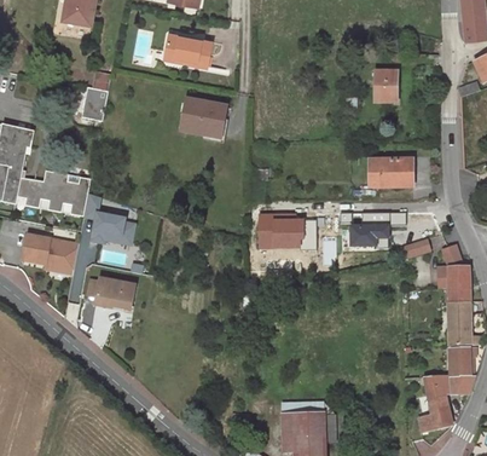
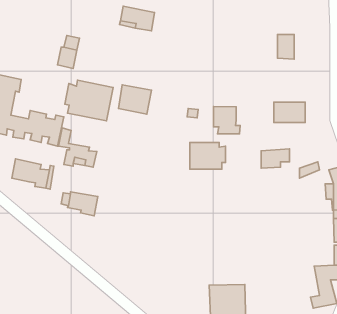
building: [181,99,225,138] -> [119,85,151,114]
building: none -> [65,80,113,121]
building: none -> [213,107,240,134]

